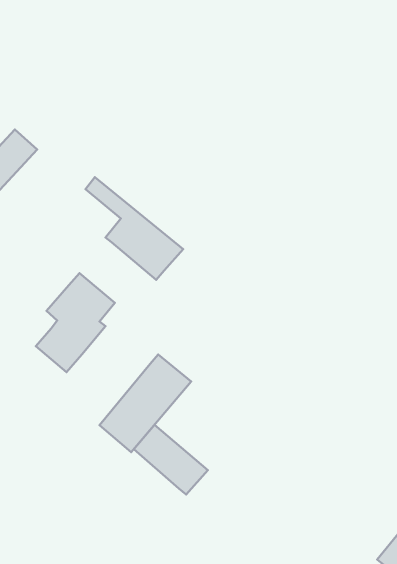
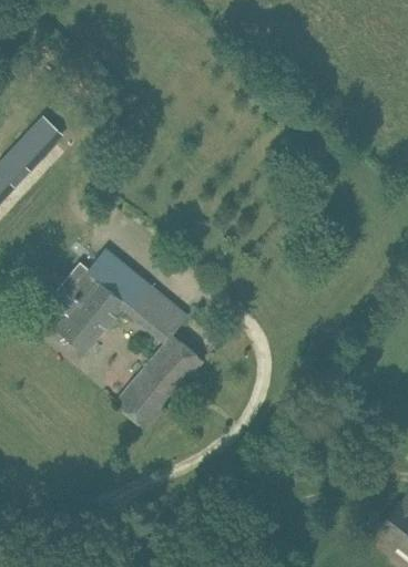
building: [85,177,183,280] -> [96,247,188,343]
building: [134,425,208,495] -> none

